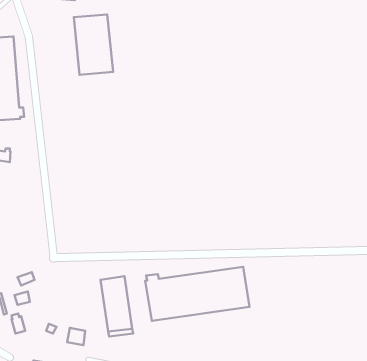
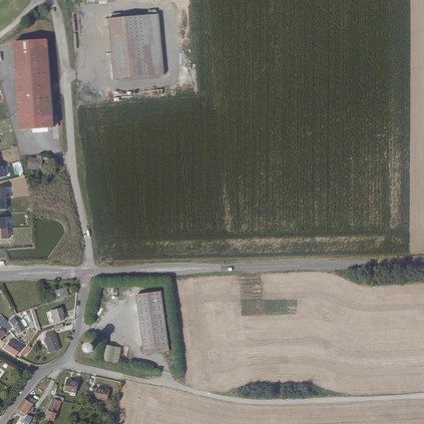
building: none -> [143,14,164,76]
building: [145,267,250,321] -> none

